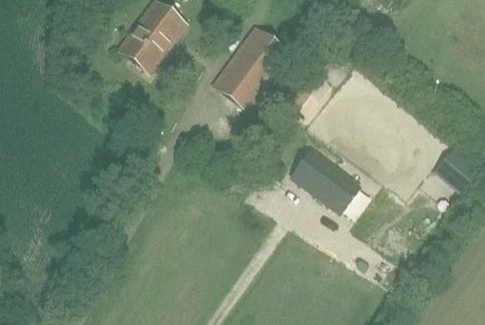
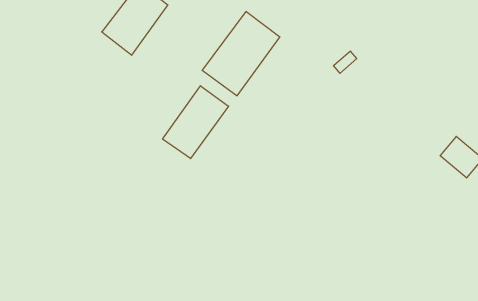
building: none -> [163,86,229,159]
building: [290,148,359,212] -> none

